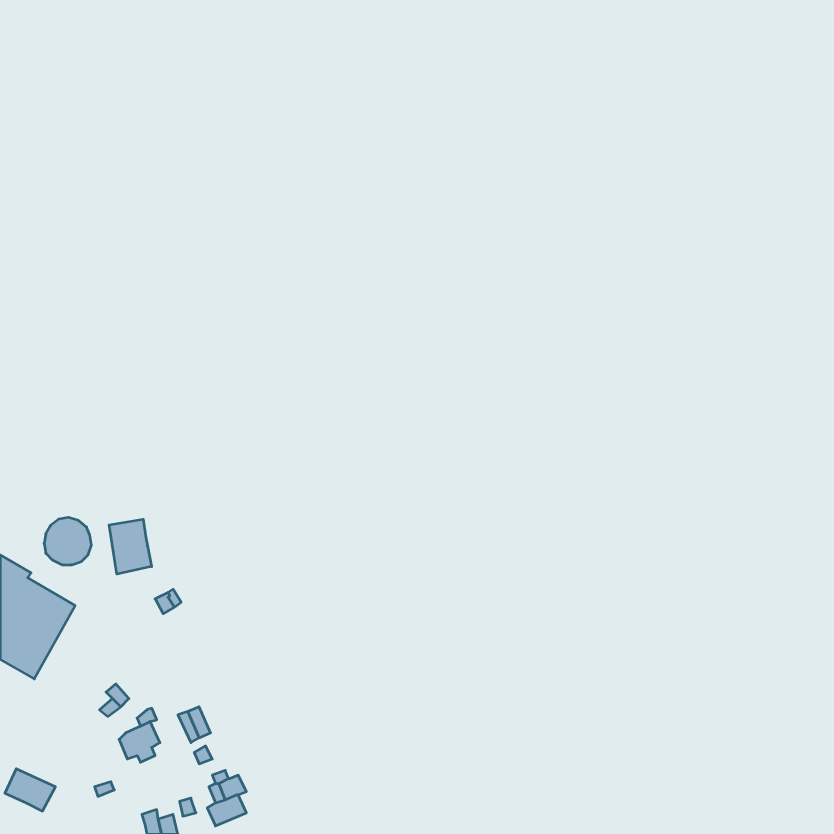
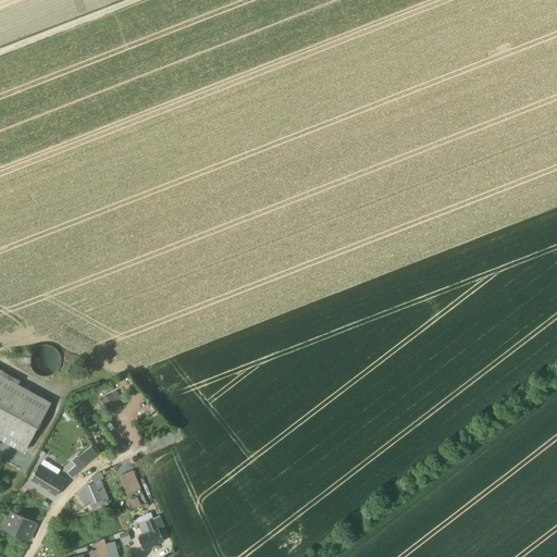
building: [109,519,152,574] -> none
building: none -> [33,466,65,496]

